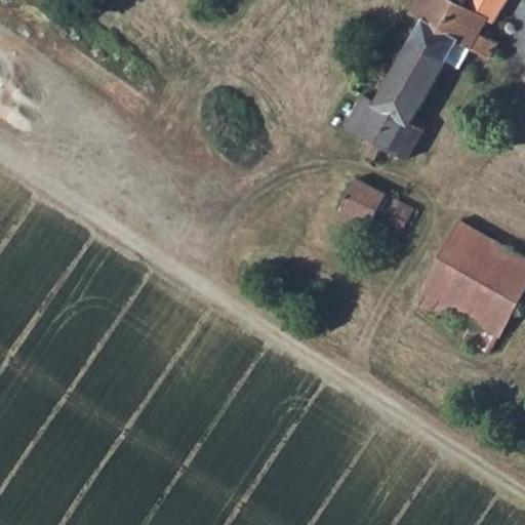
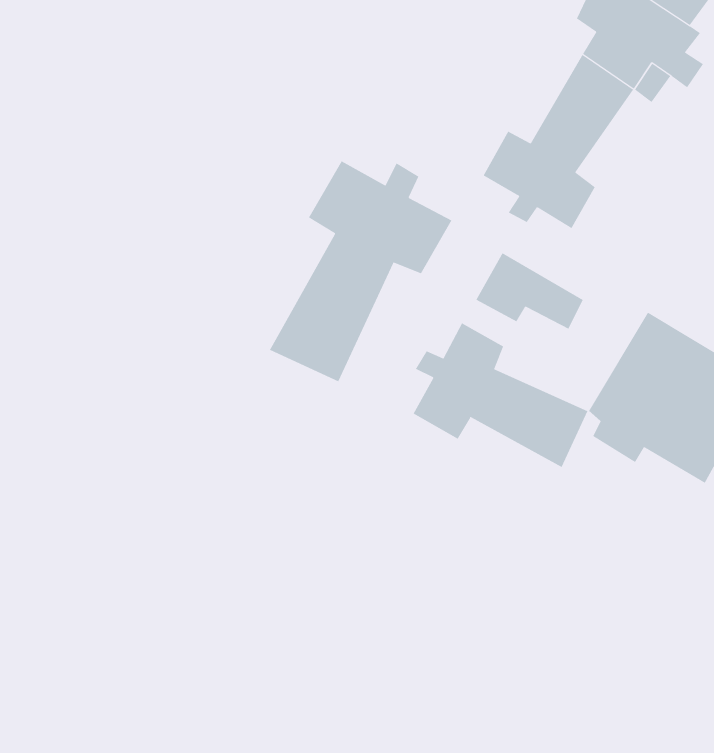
building: none -> [269,160,452,382]
building: none -> [413,323,588,468]

